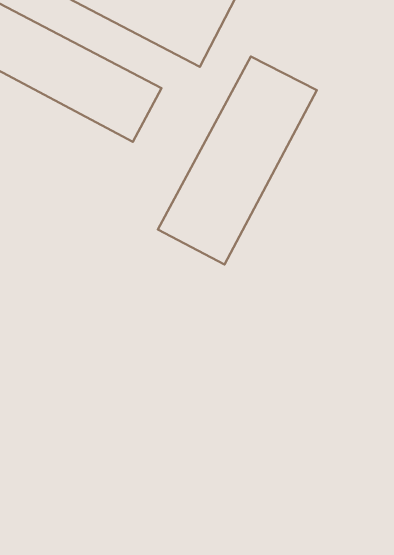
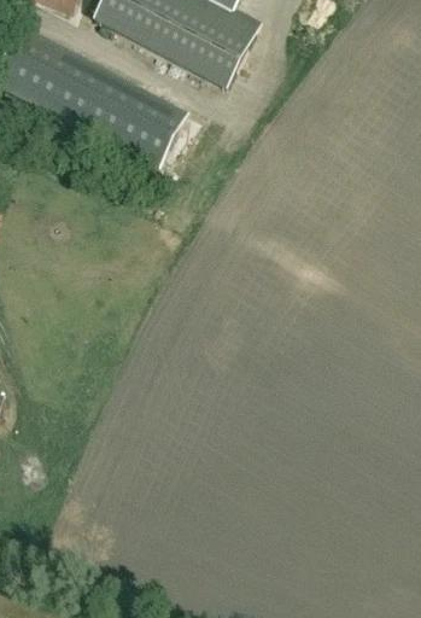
building: [158,56,317,264] -> none

